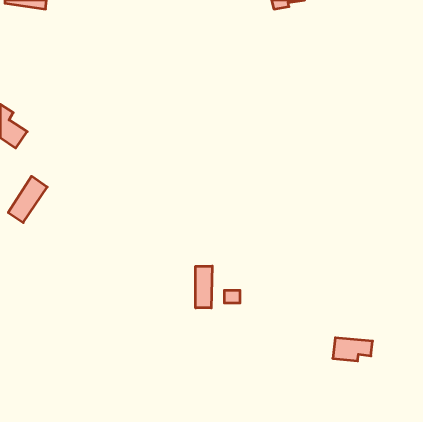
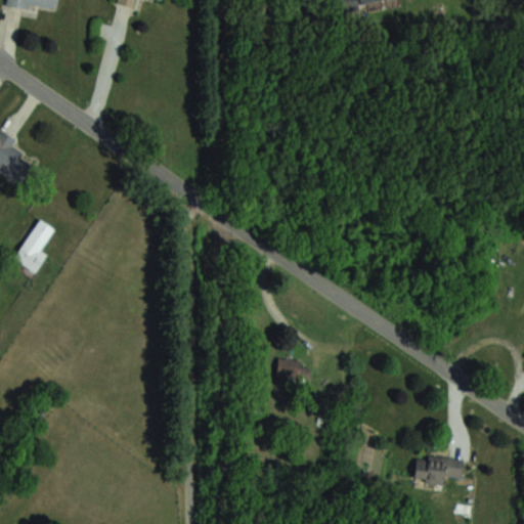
building: [196,266,212,308] -> none
building: [333,338,373,361] -> [413,455,463,484]

